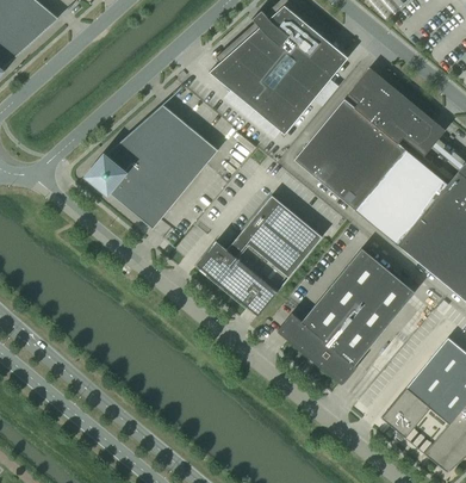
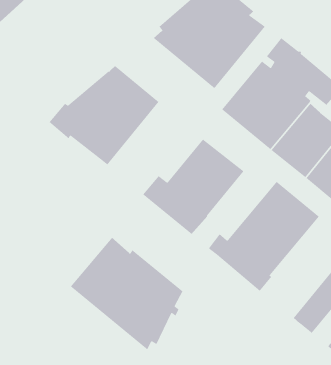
building: none -> [70,237,184,351]

